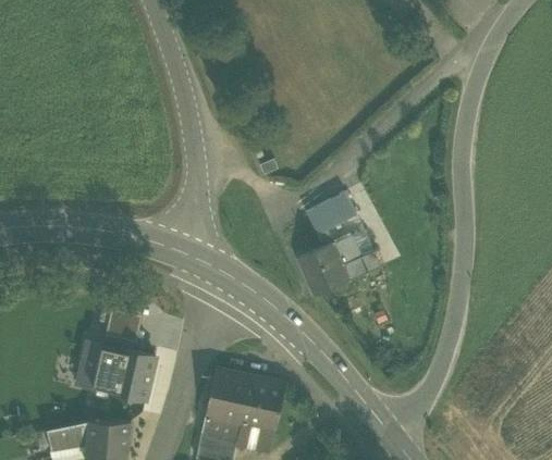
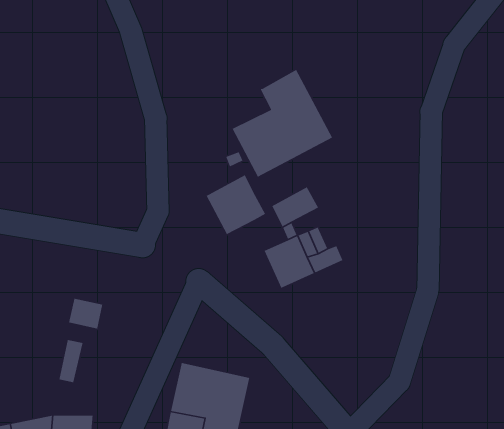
building: none -> [232,69,333,178]
building: none -> [205,174,266,235]
building: [77,340,103,387] -> none
building: [110,348,156,399] -> none

